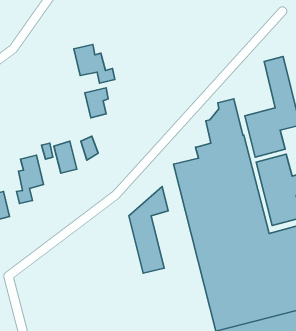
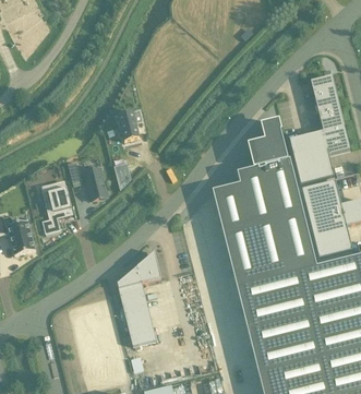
building: [74,45,115,83] -> none
building: [129,187,168,273] -> [118,251,160,345]

